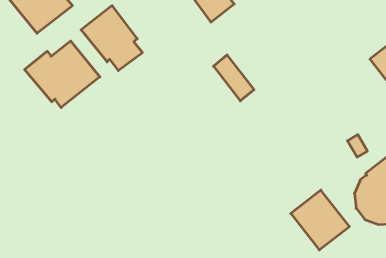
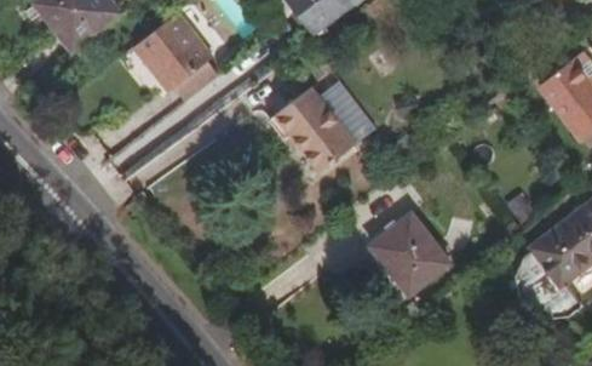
building: [25,41,100,108] -> none
building: none -> [275,87,356,173]
building: [291,190,349,250] -> [369,213,452,297]

